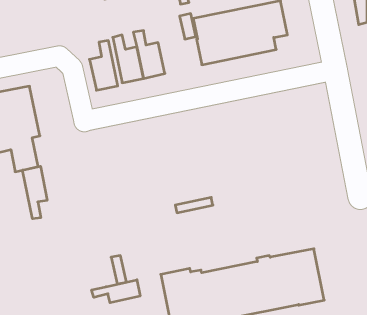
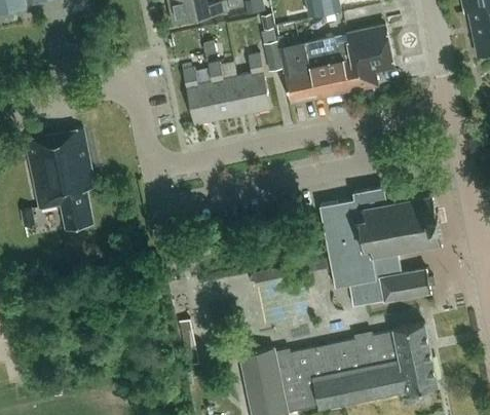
building: [89,41,118,90] -> [237,54,271,114]
building: none -> [319,188,441,306]
building: [23,166,47,219] -> none
building: [92,280,140,303] -> none

